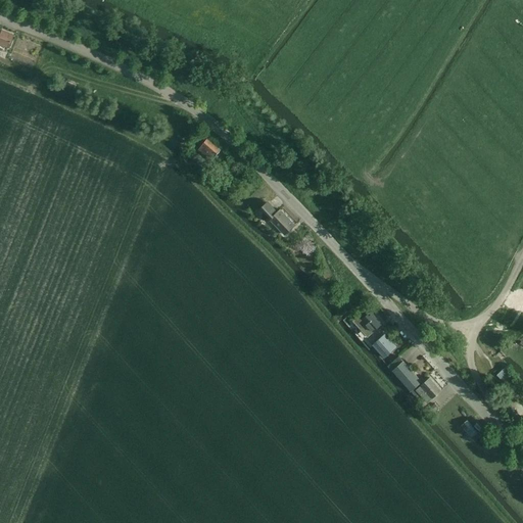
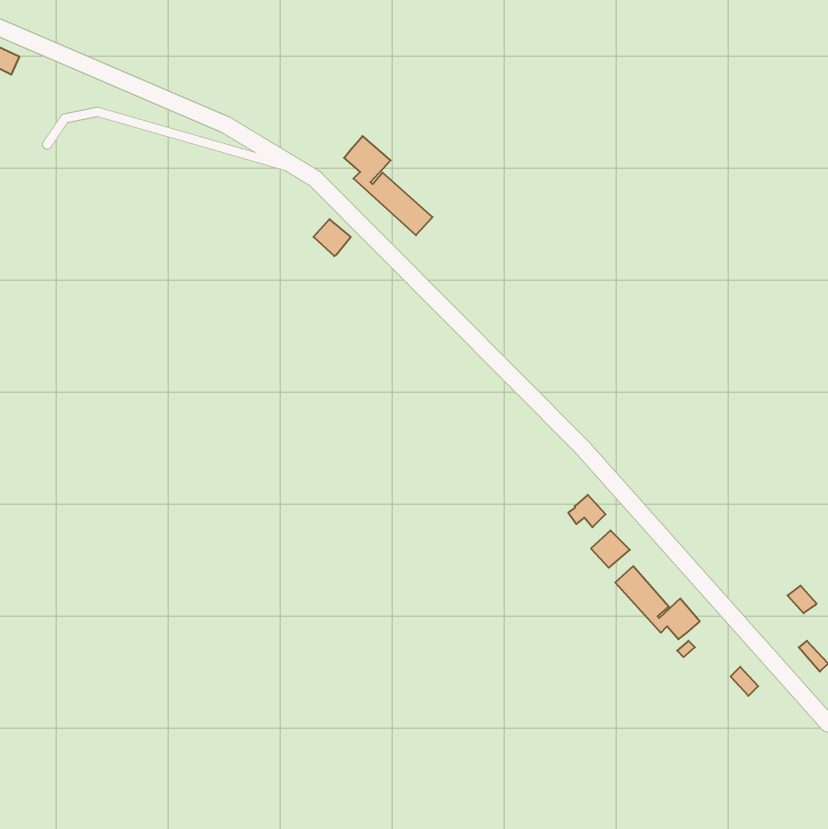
building: none -> [344,136,433,235]
building: [257,201,294,235] -> none

